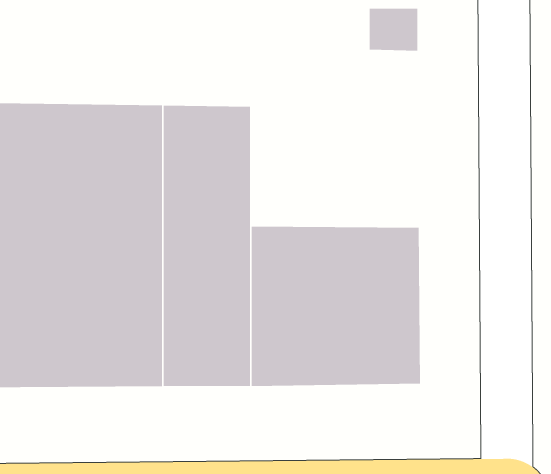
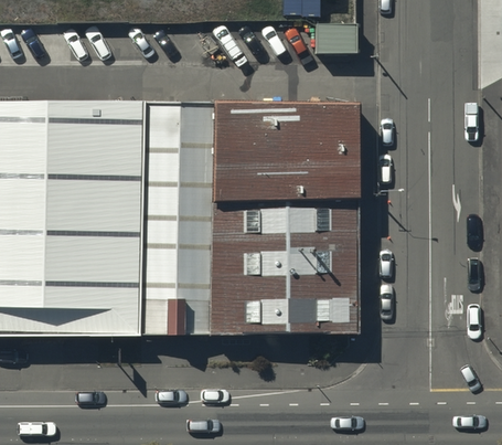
building: none -> [217,102,359,202]

